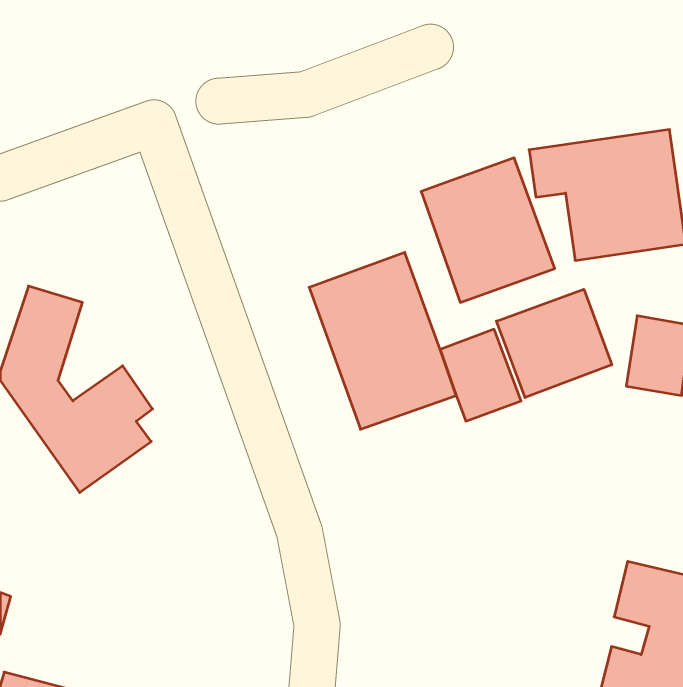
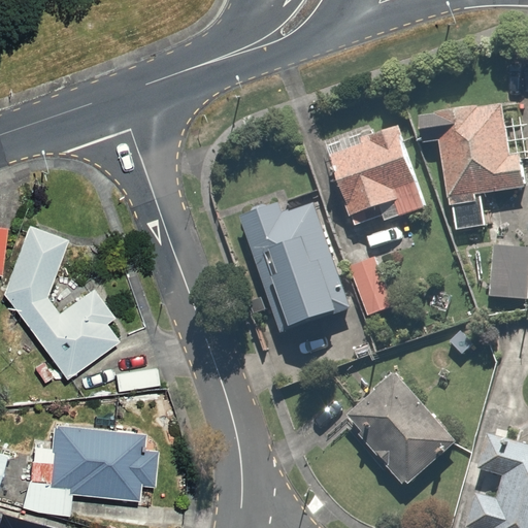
building: [496,289,612,398] -> none
building: none -> [339,372,455,489]
building: none -> [28,427,164,518]

